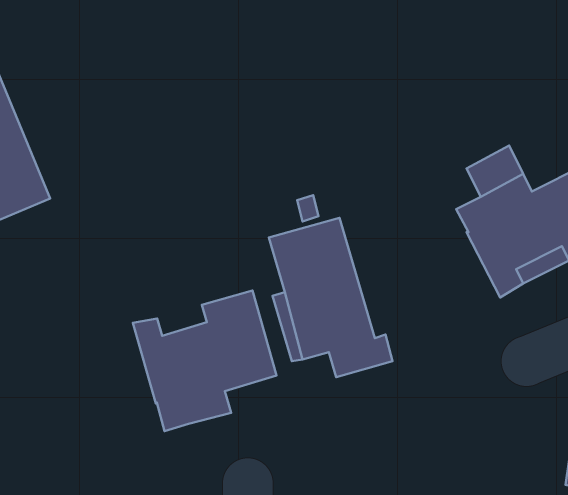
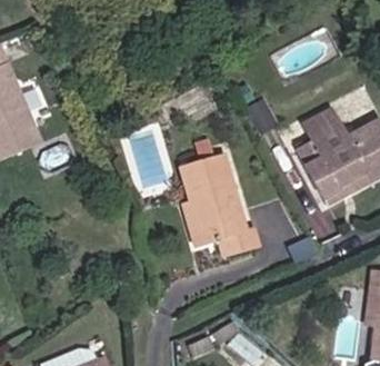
building: [133,290,277,431] -> none

